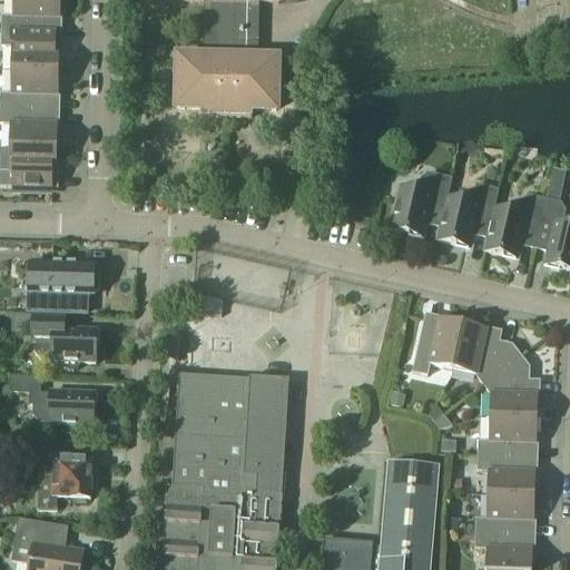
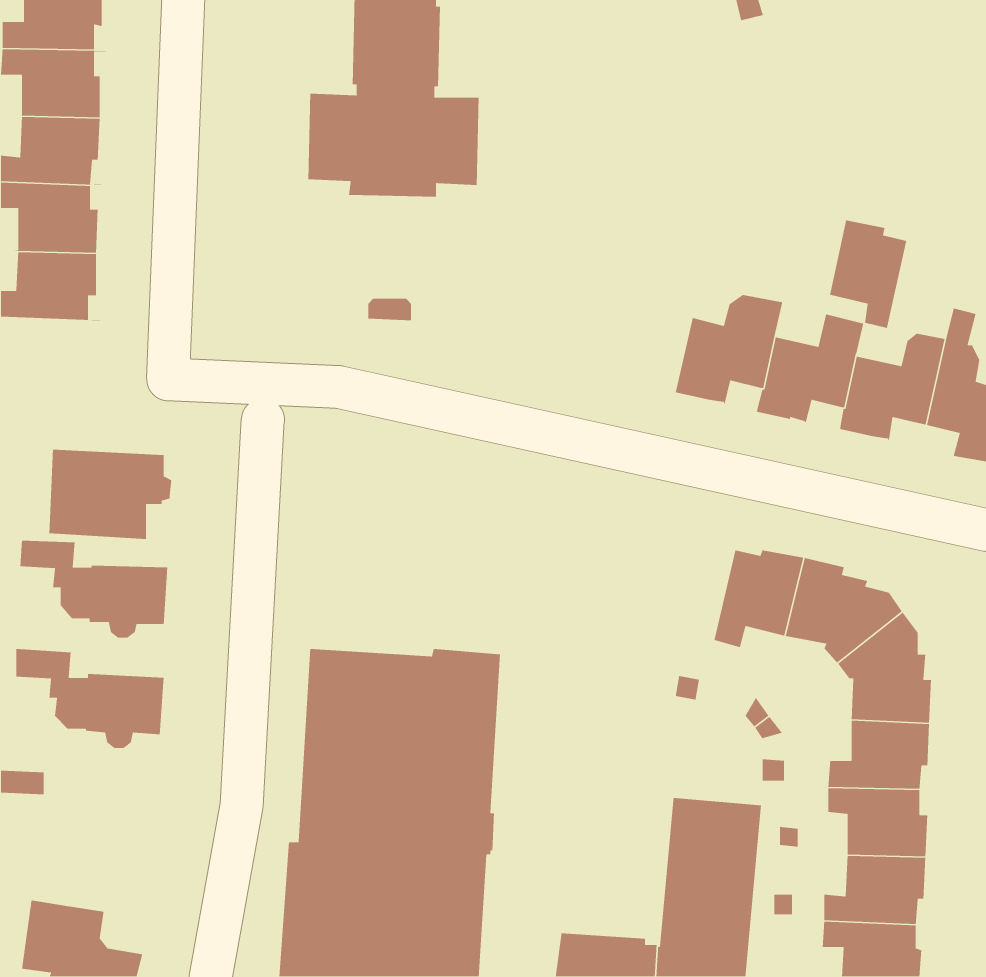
building: none -> [829,220,907,329]
building: [40,451,92,507] -> none

